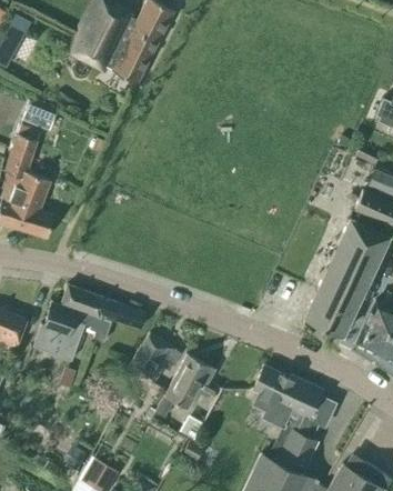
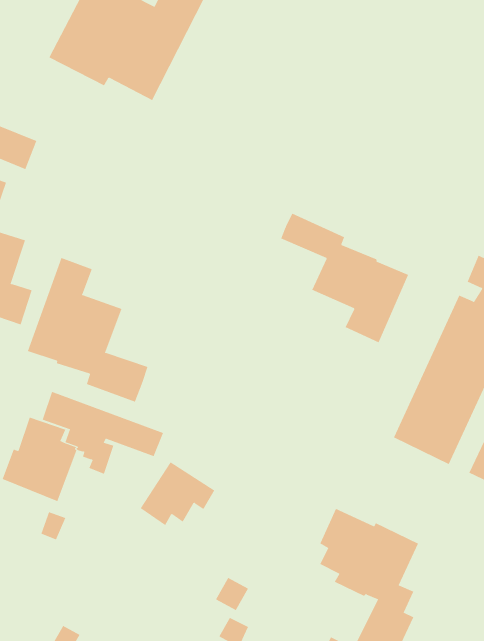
building: none -> [281,213,409,343]
building: none -> [27,257,148,403]
building: [155,354,215,414] -> none

